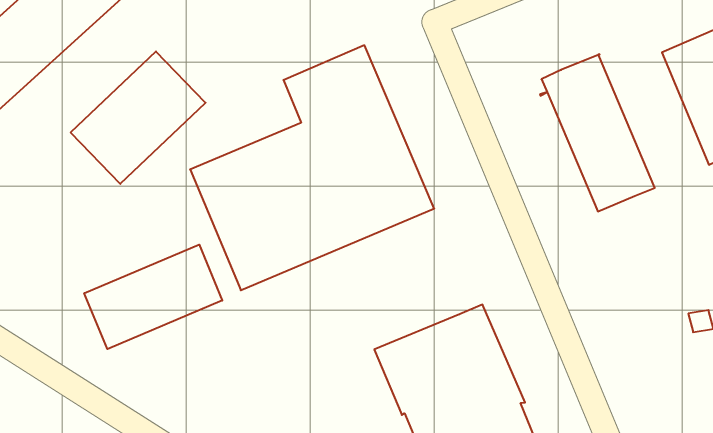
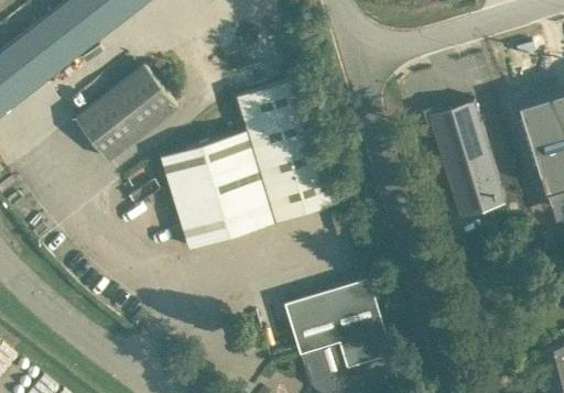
building: [84,245,222,349] -> none

